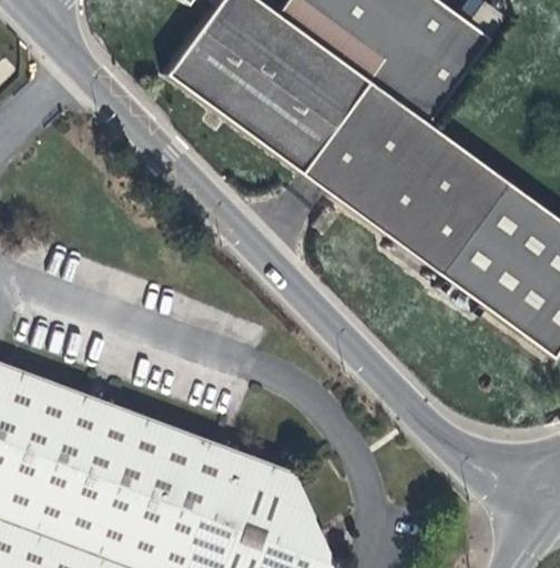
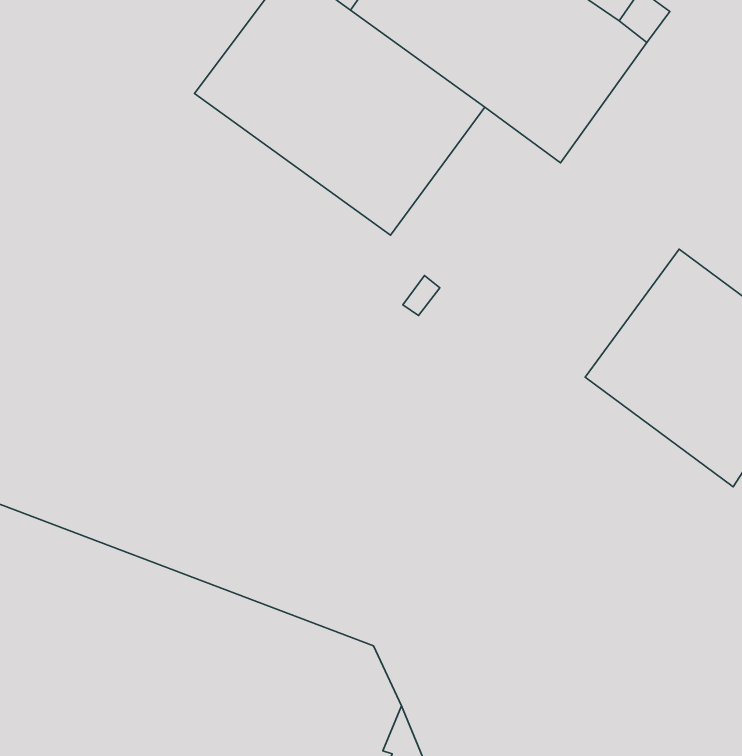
building: [306,84,513,278] -> none

